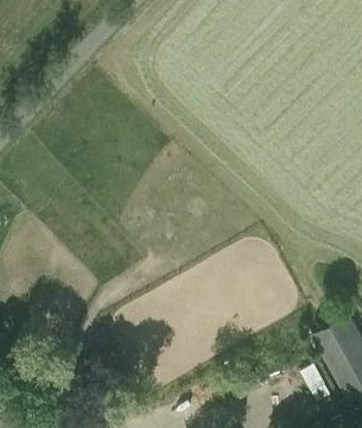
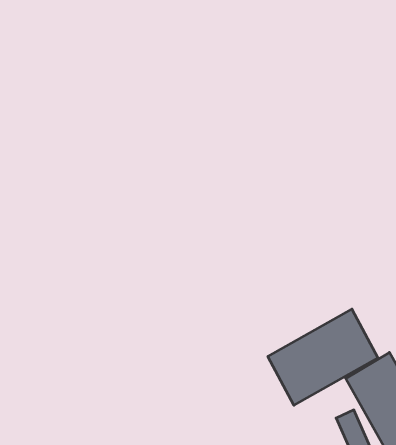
building: none -> [268,309,378,405]

